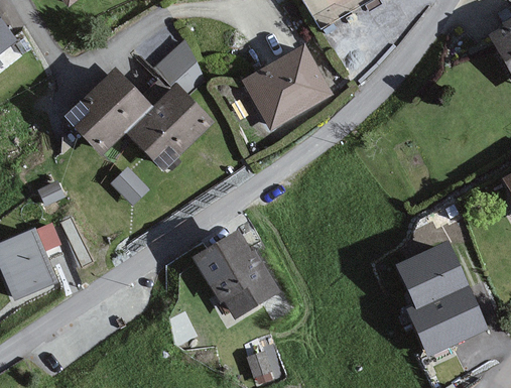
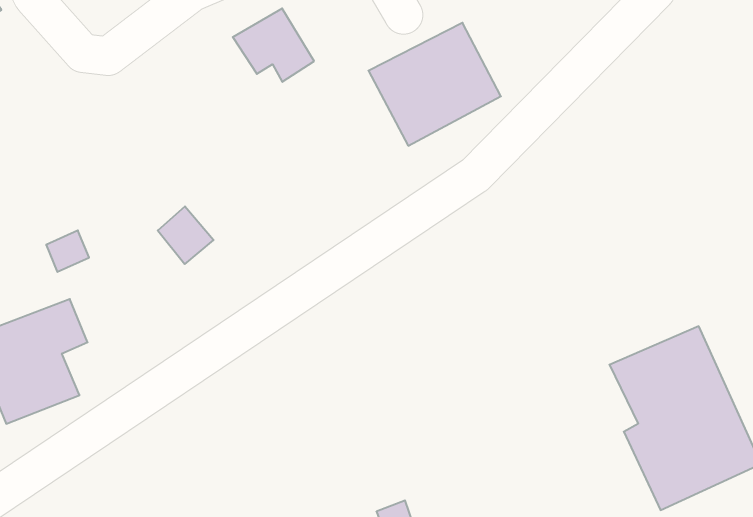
building: [66,69,147,149] -> none
building: [128,84,209,164] -> none
building: [195,230,273,312] -> none

